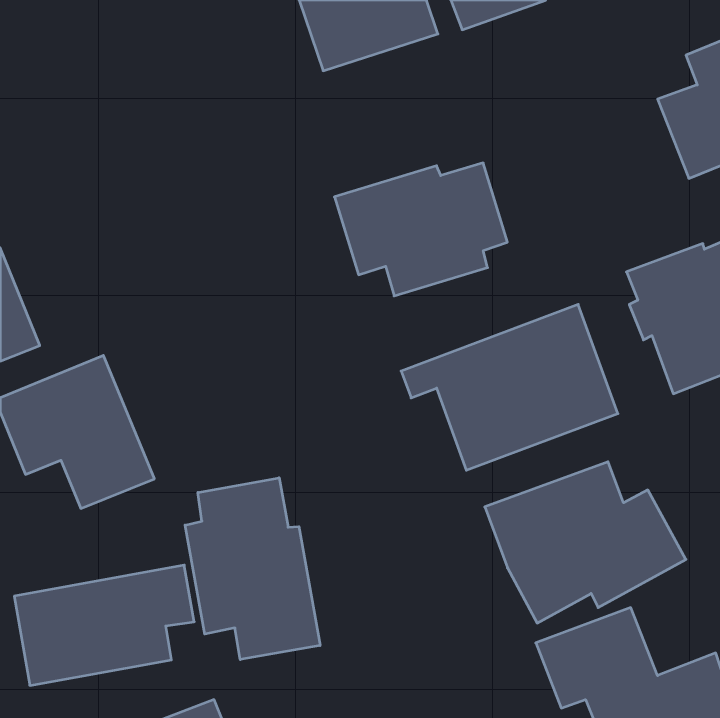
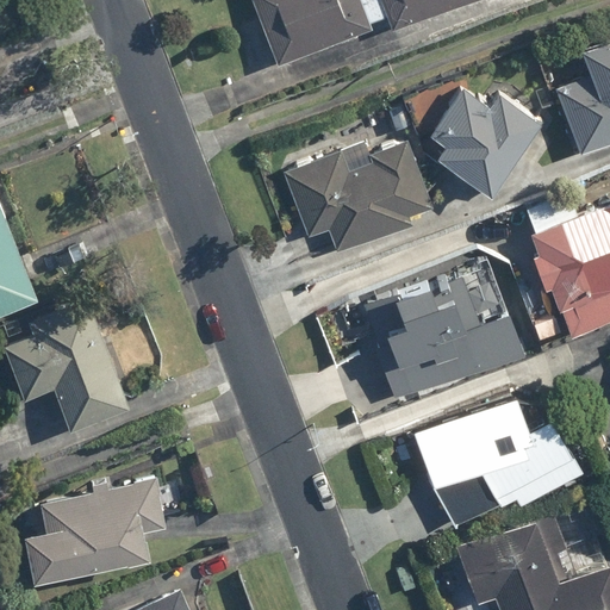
building: none -> [427,88,540,193]
building: [185,478,320,660] -> none

